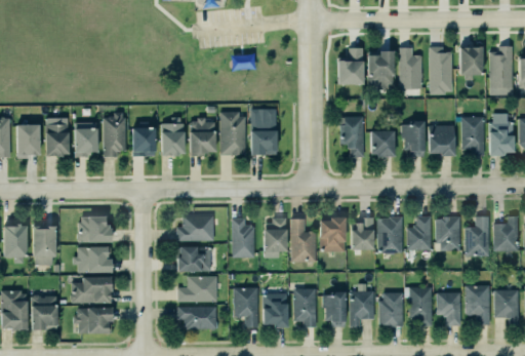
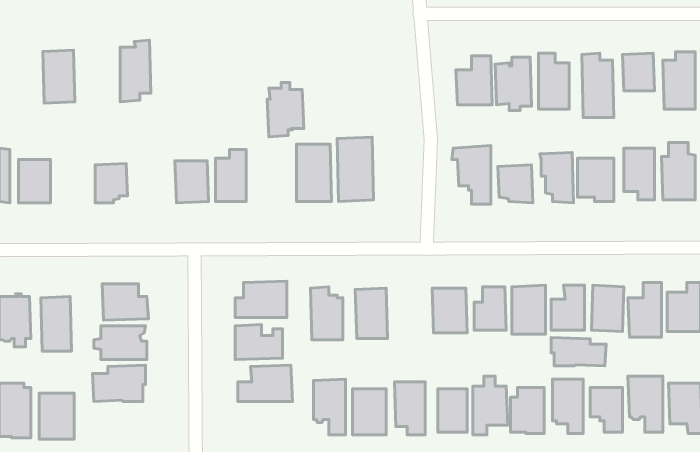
building: [105,113,127,158] -> [120,40,151,102]
building: [188,117,214,157] -> [267,82,304,137]
building: [46,118,70,157] -> [43,50,75,103]
building: [291,220,318,263] -> none
building: none -> [551,338,606,366]
building: [74,307,112,332] -> none
building: [178,307,218,330] -> none

